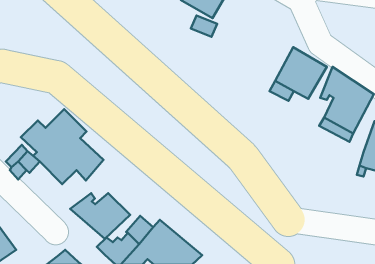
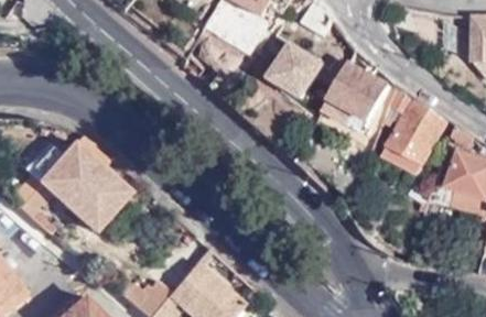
building: none -> [263,42,325,105]
building: [70,193,130,239] -> none

